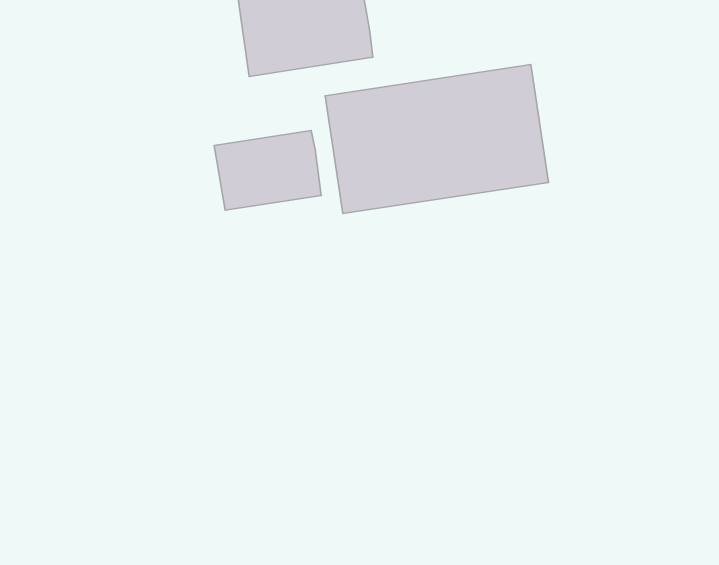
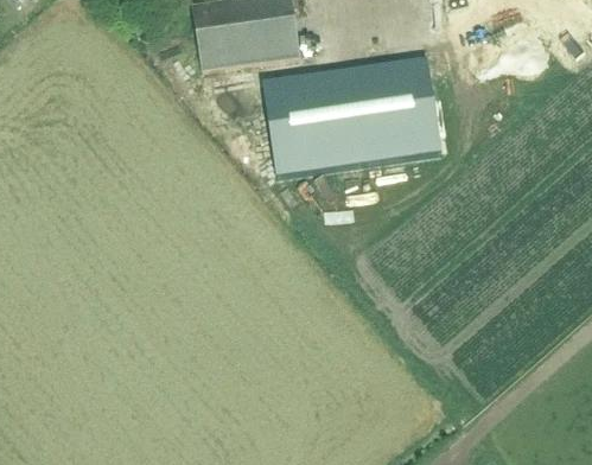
building: [214,130,321,210] -> none

